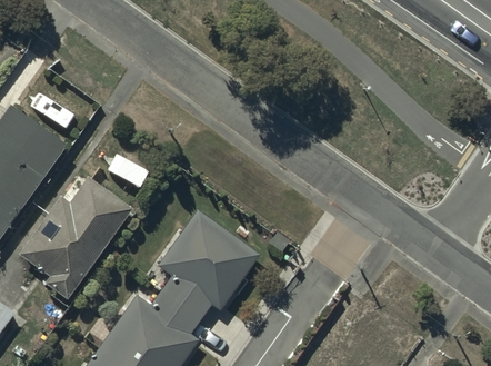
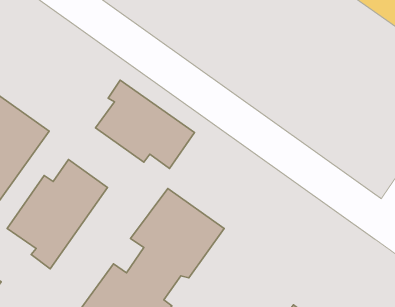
building: none -> [96,80,194,168]

